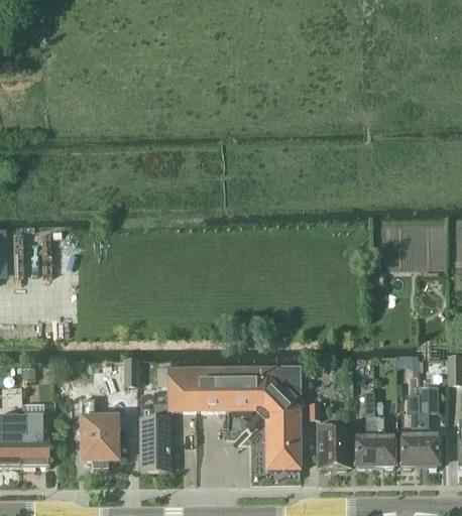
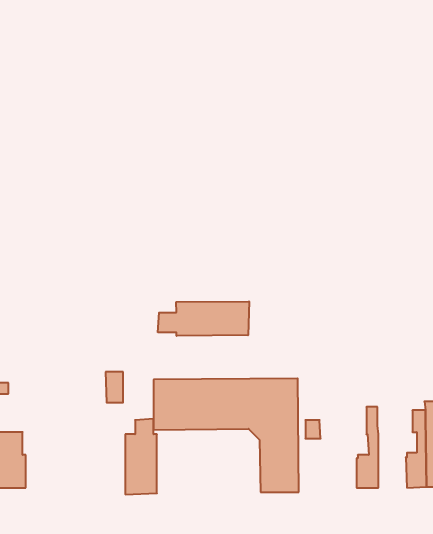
building: none -> [158,301,249,336]
building: [80,398,117,470] -> none
building: [375,416,395,466] -> none
building: [317,422,350,468] -> none

